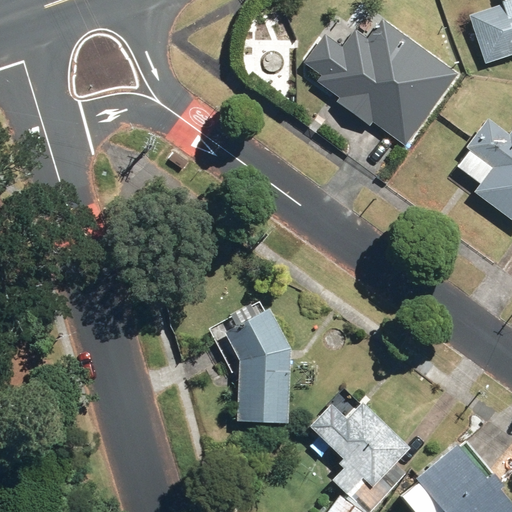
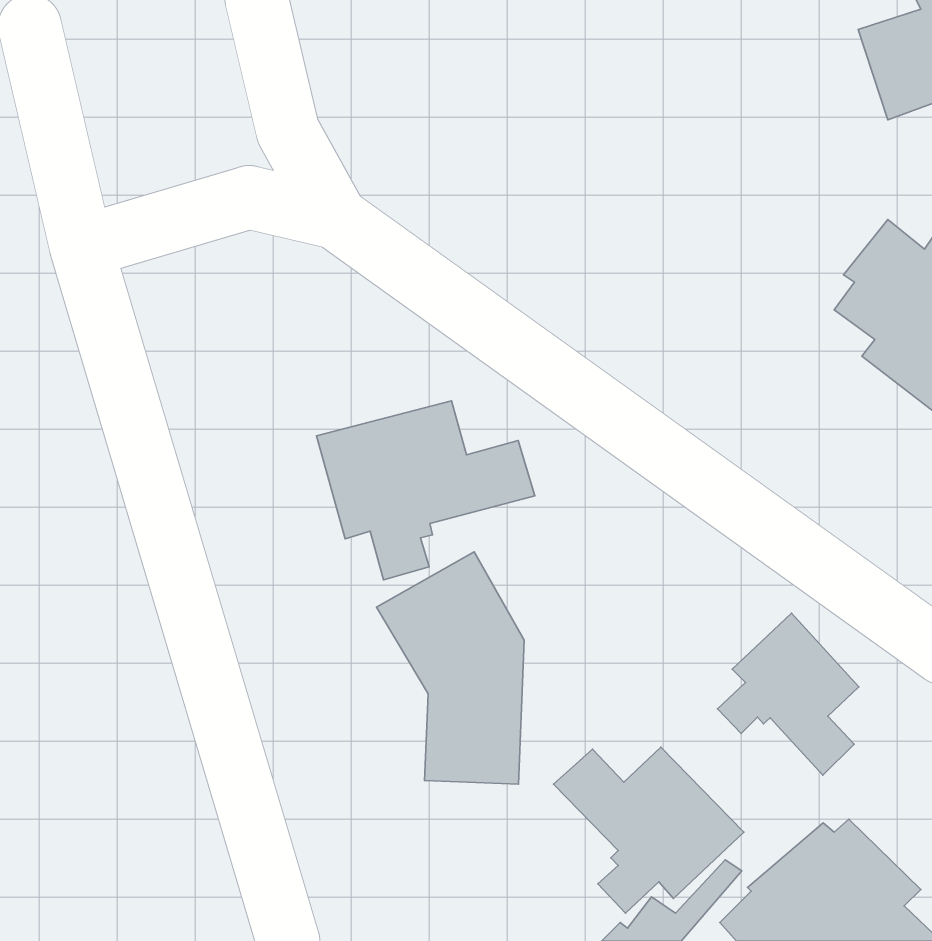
building: [308,18,459,146] -> none
building: none -> [317,401,535,580]
building: none -> [718,613,859,775]

